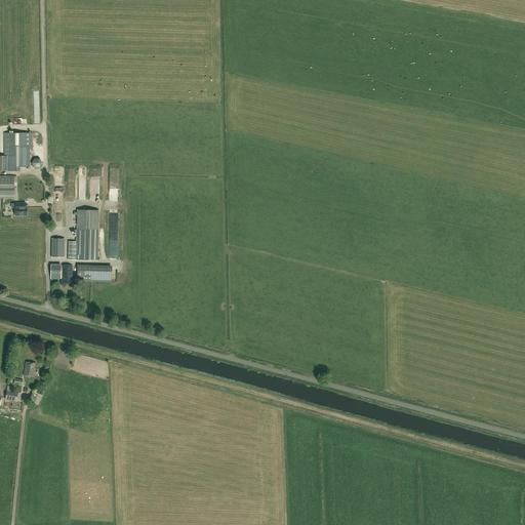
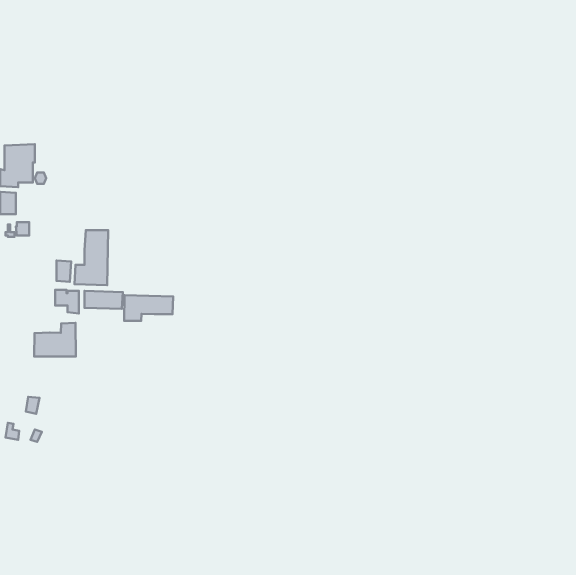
building: none -> [124,295,173,321]
building: none -> [34,323,76,356]

